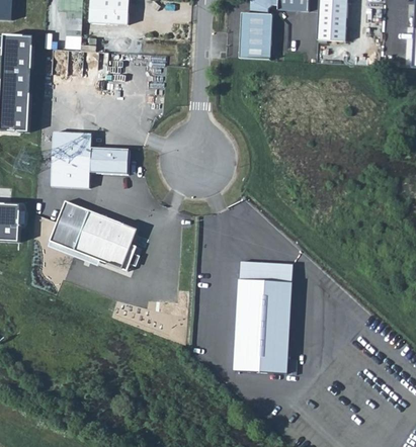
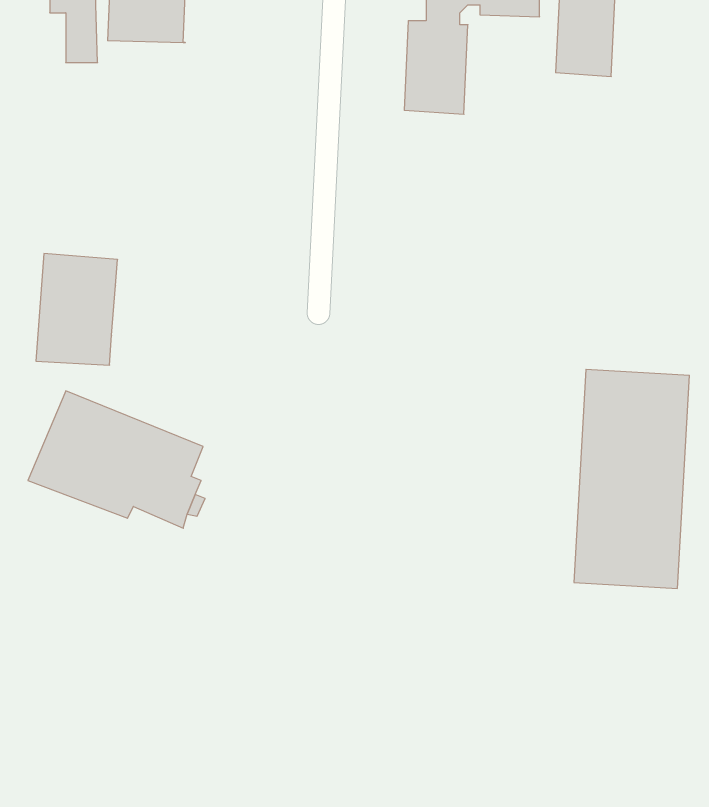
building: [91,147,130,174] -> none
building: [233,259,292,370] -> [574,369,689,588]

